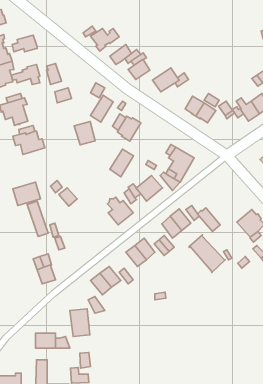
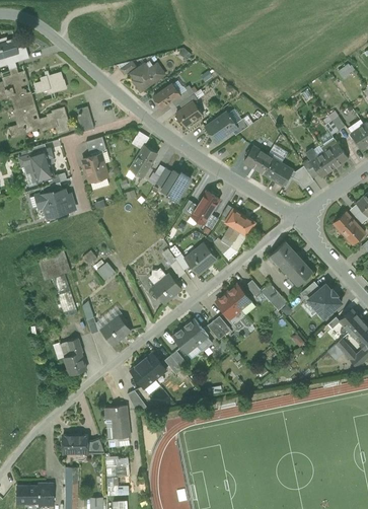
building: [74,122,95,145] -> [82,154,107,183]
building: [110,149,133,177] -> [191,192,219,225]
building: [189,235,225,272] -> [270,241,313,287]
building: none -> [100,316,131,345]

